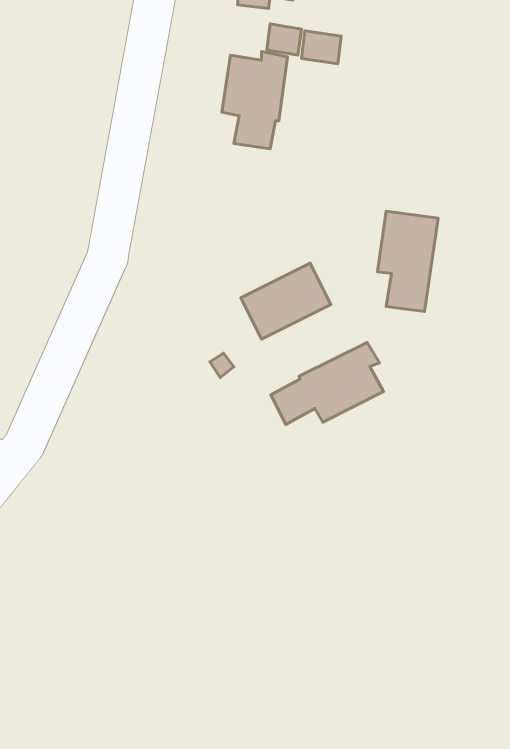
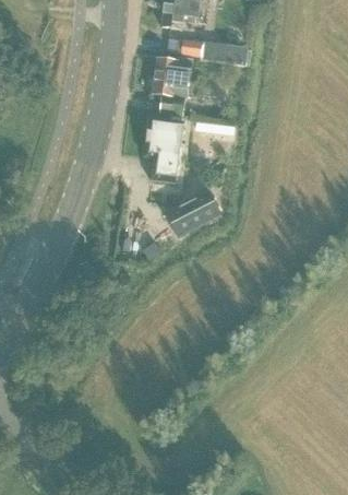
building: [378,211,438,312] -> [145,118,183,181]
building: [271,342,383,424] -> none

